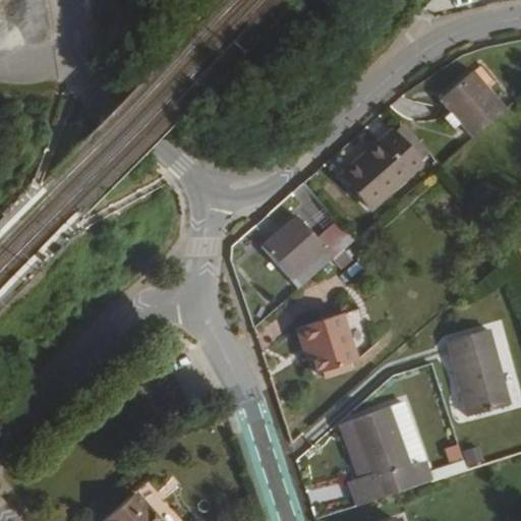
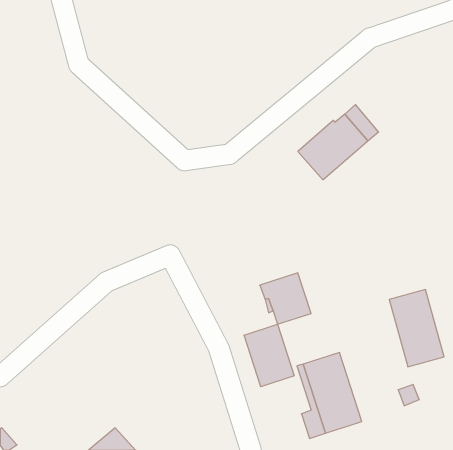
building: [438,72,502,137] -> none
building: [264,212,357,287] -> none
building: none -> [244,324,294,387]

